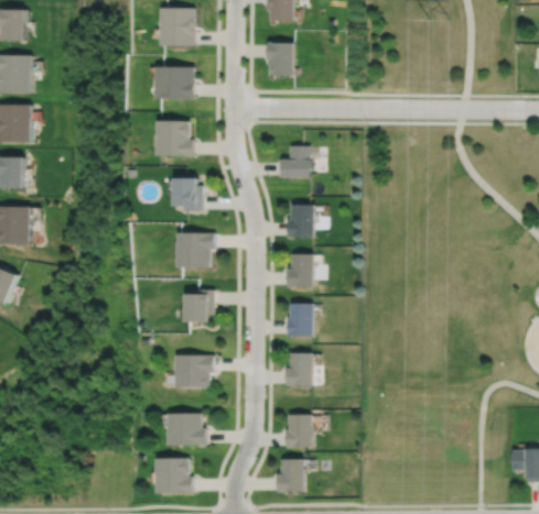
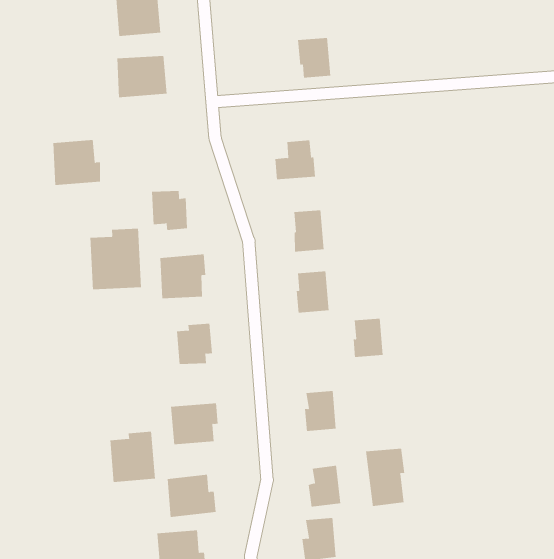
building: [268,43,293,75] -> [297,37,331,78]
building: [155,120,195,155] -> [52,140,101,186]
building: none -> [90,228,141,290]
building: [288,304,312,335] -> [353,318,383,358]
building: none -> [110,431,155,483]
building: none -> [366,448,405,507]

